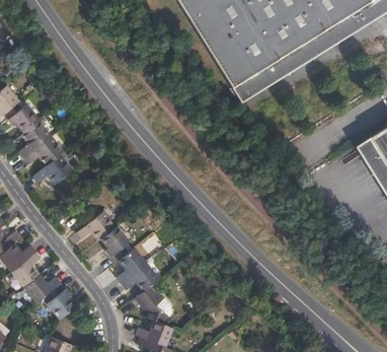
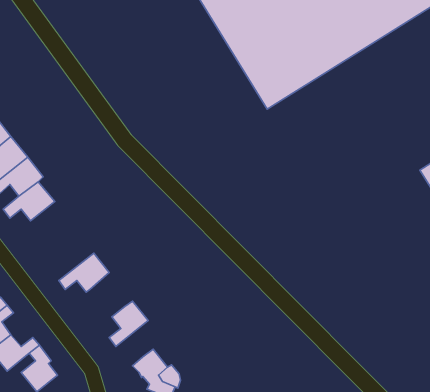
building: [100,226,129,263] -> none
building: [121,264,158,292] -> none

